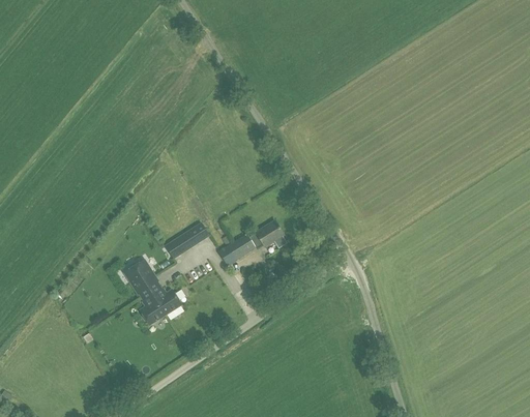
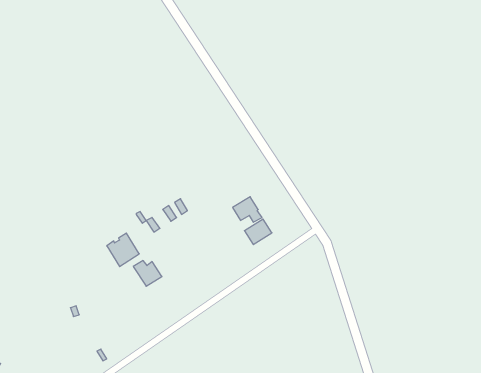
building: [226,234,255,261] -> [244,219,272,245]
building: [139,295,165,326] -> none

